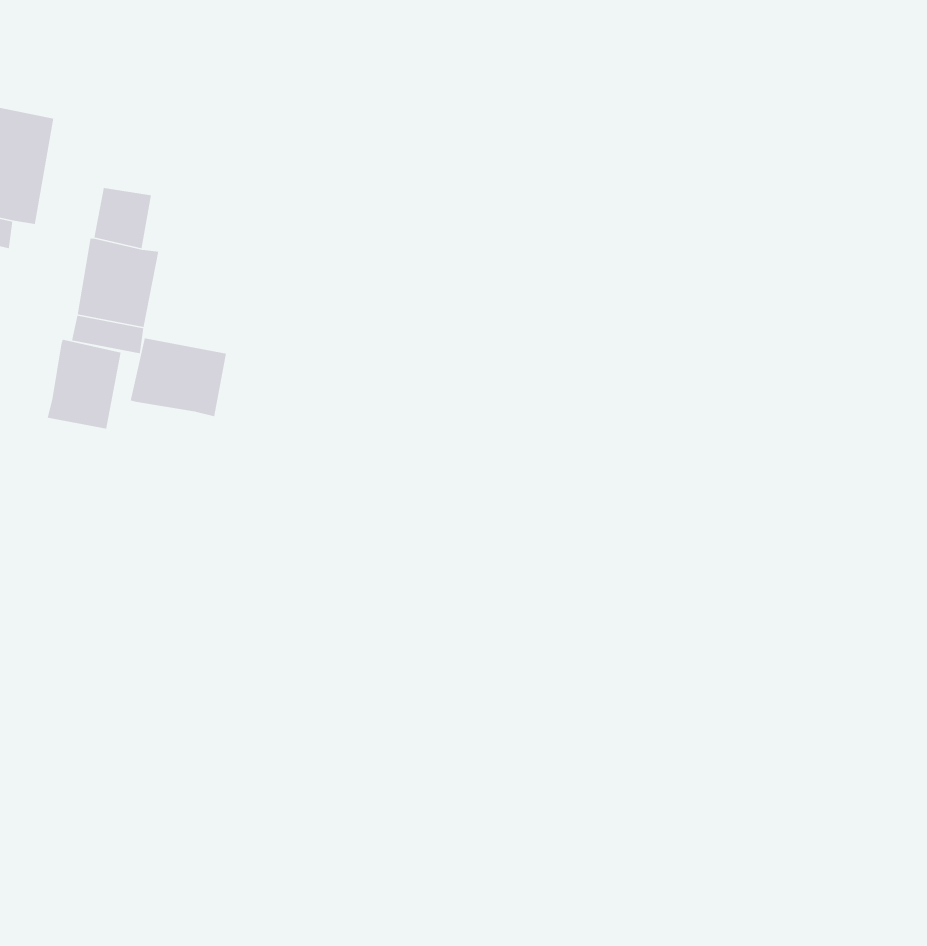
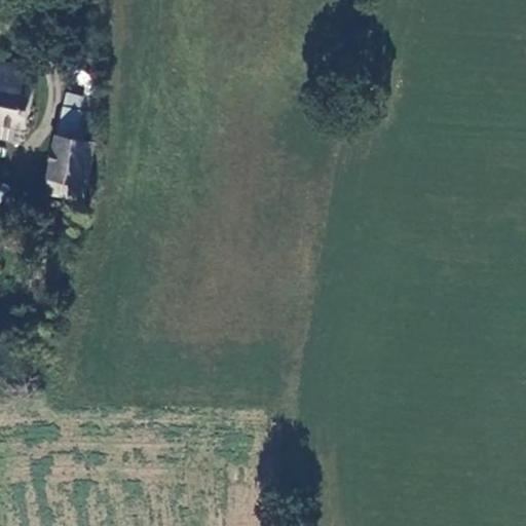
building: [130,338,227,417] -> none
building: [47,339,121,429] -> none

